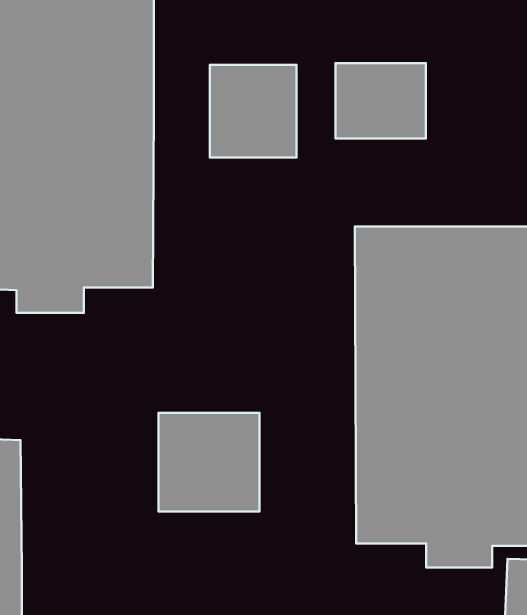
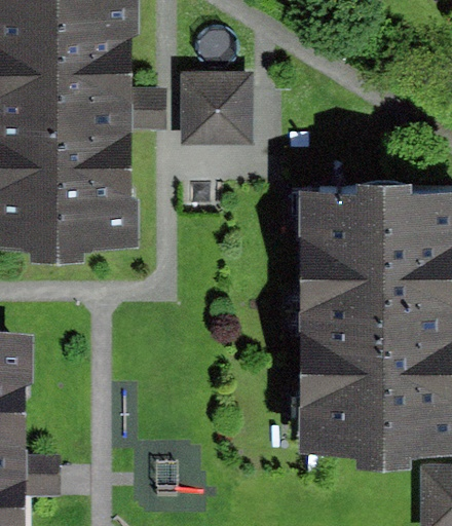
building: [335,63,426,138] -> none
building: [158,413,259,512] -> none

